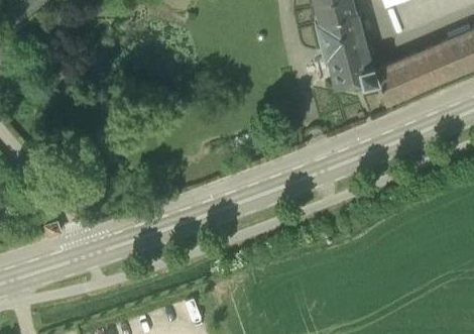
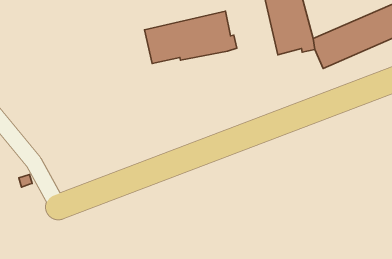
building: none -> [144,11,237,64]

